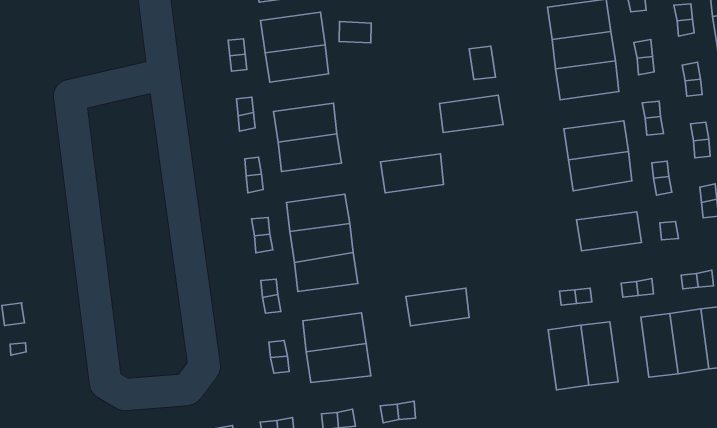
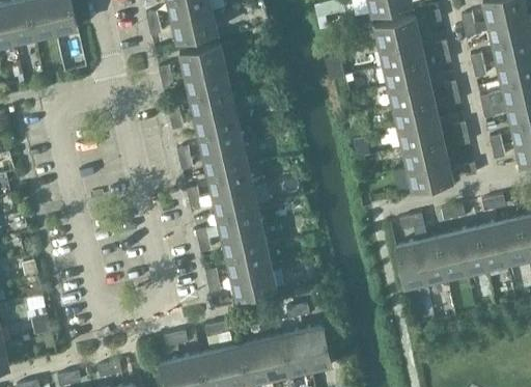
building: none -> [190,86,234,115]
building: [440,95,503,133] -> [389,80,434,109]
building: [380,154,444,193] -> [203,146,248,176]
building: none -> [403,140,448,170]
building: [406,288,469,326] -> [222,227,267,256]
building: none -> [437,232,467,278]

